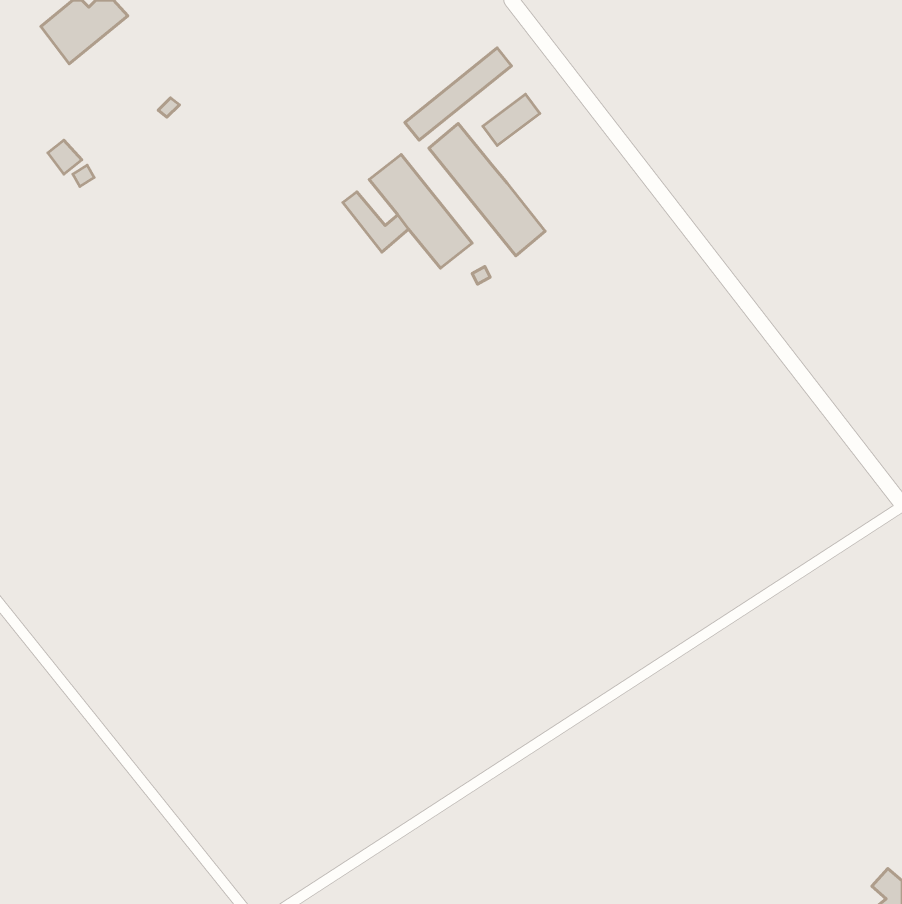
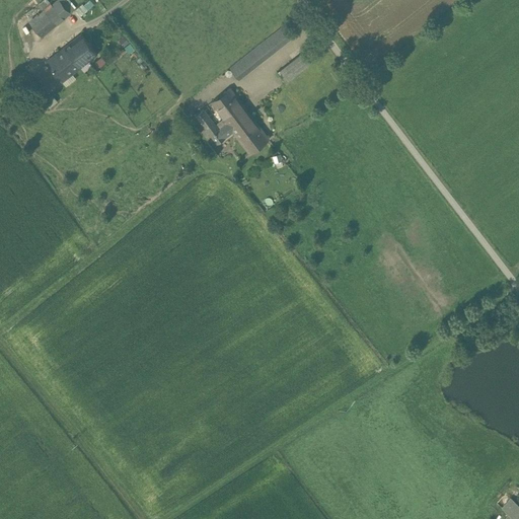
building: none -> [43,35,94,83]
building: [429,123,545,256] -> none

